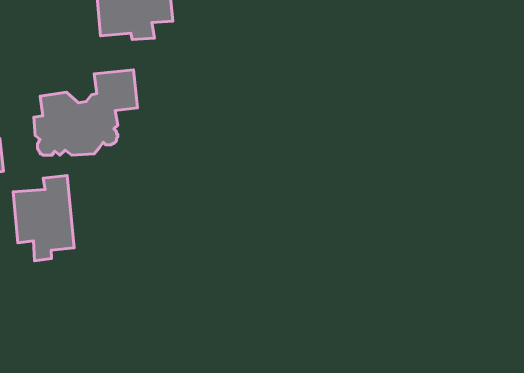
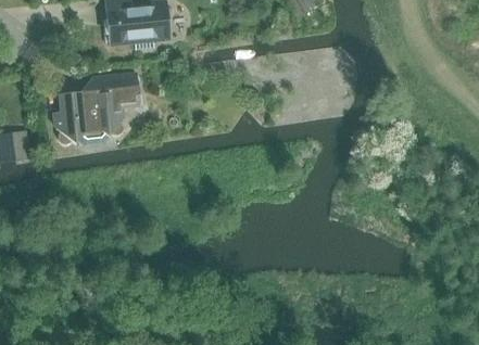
building: [13,176,74,261] -> none

